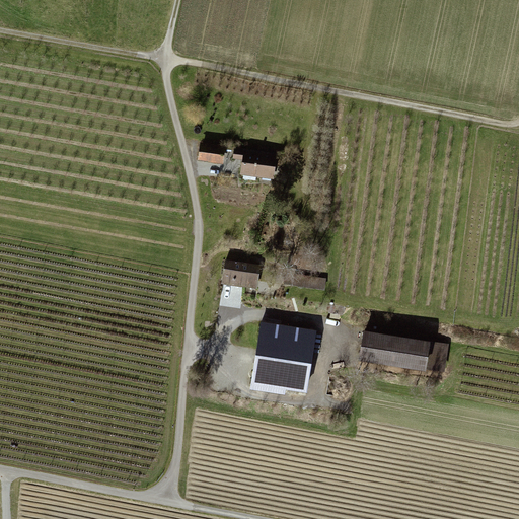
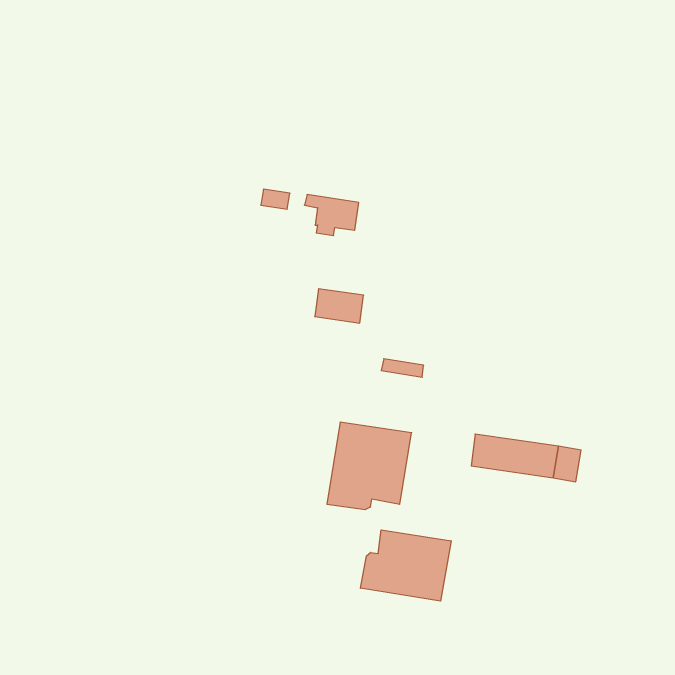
building: [222,262,260,288] -> [315,289,364,323]
building: none -> [360,530,451,601]

